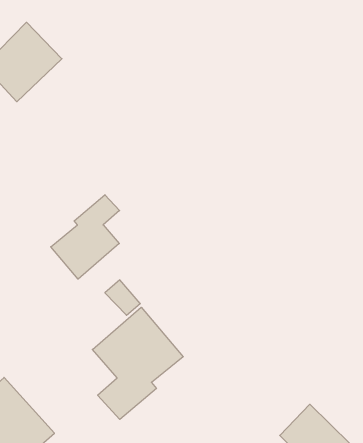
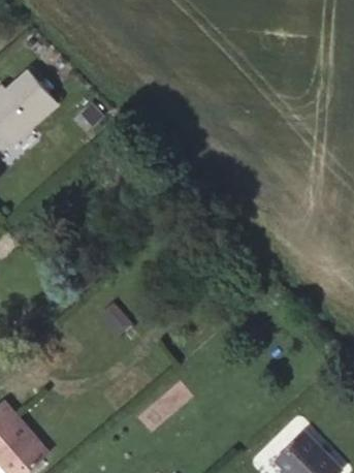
building: [51,195,120,279] -> none
building: [92,307,183,419] -> none

